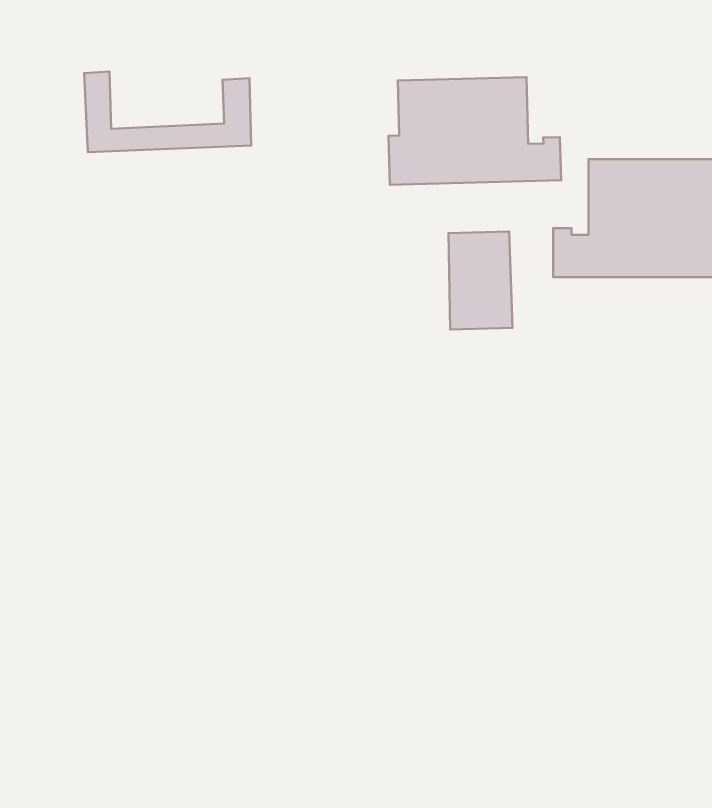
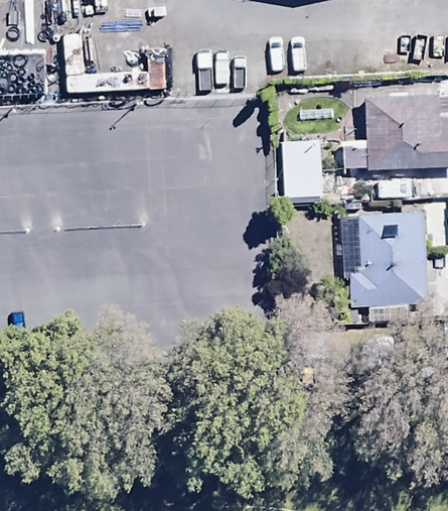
building: [389,77,561,185] -> none
building: none -> [349,211,426,306]

